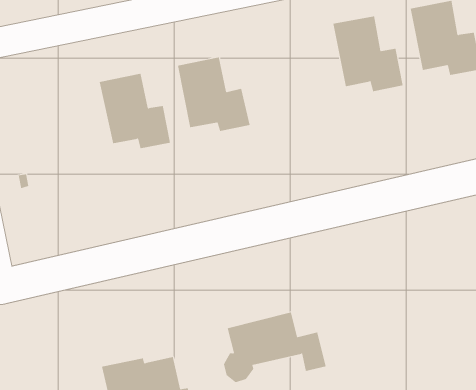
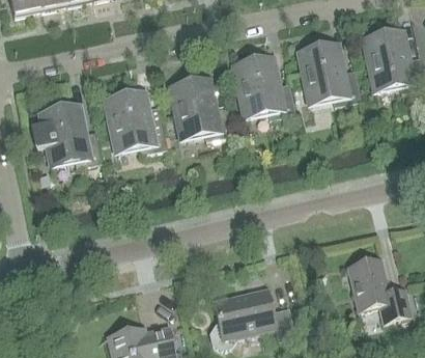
building: none -> [234,55,295,118]
building: none -> [30,103,102,166]
building: none -> [348,261,410,322]

